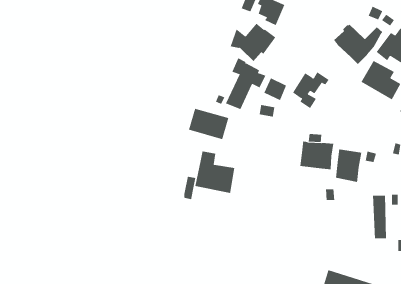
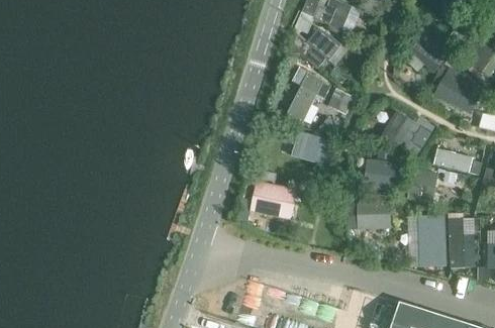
building: [292,72,329,109] -> [393,116,434,157]
building: [188,108,229,140] -> [290,130,335,166]
building: none -> [433,148,473,174]
building: none -> [360,195,389,226]
building: none -> [417,215,445,266]

